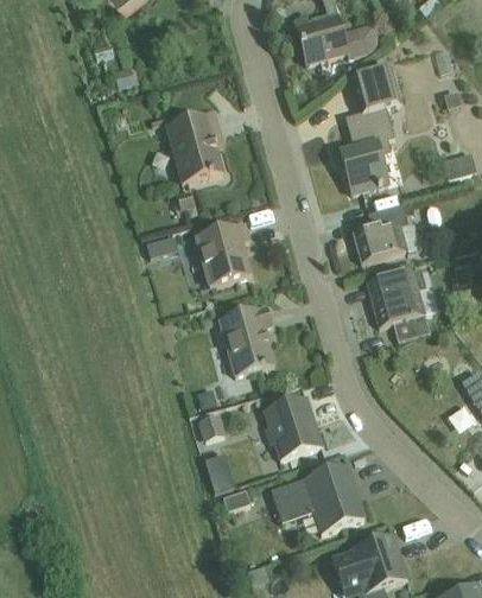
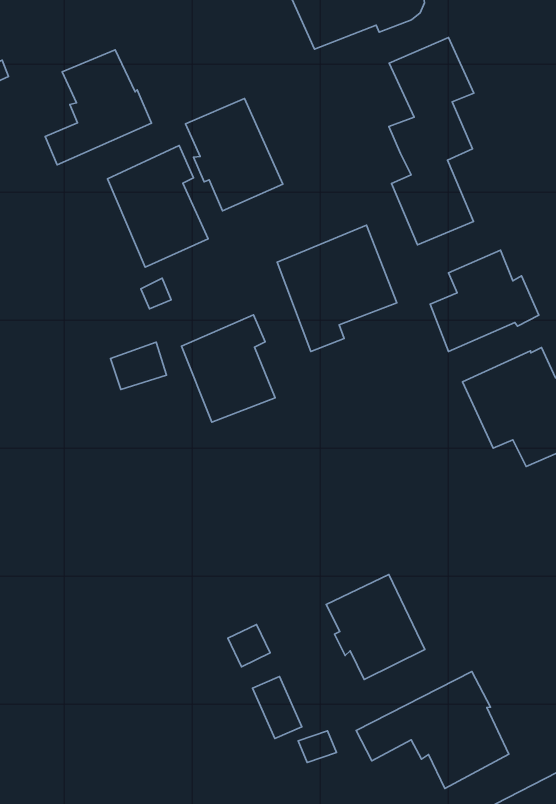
building: none -> [45,50,152,165]
building: none -> [186,98,283,211]
building: none -> [277,225,397,352]
building: [218,304,273,374] -> none

